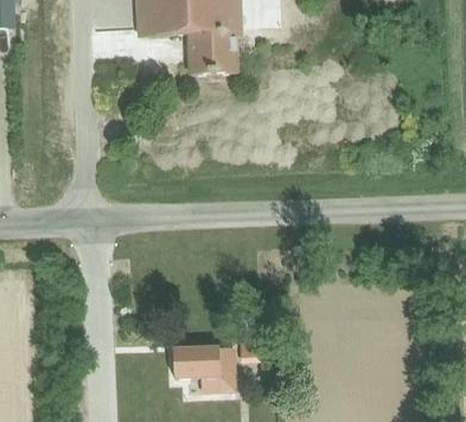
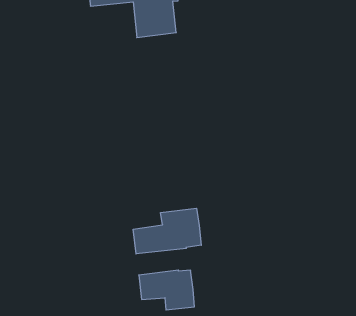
building: none -> [133,208,201,254]

